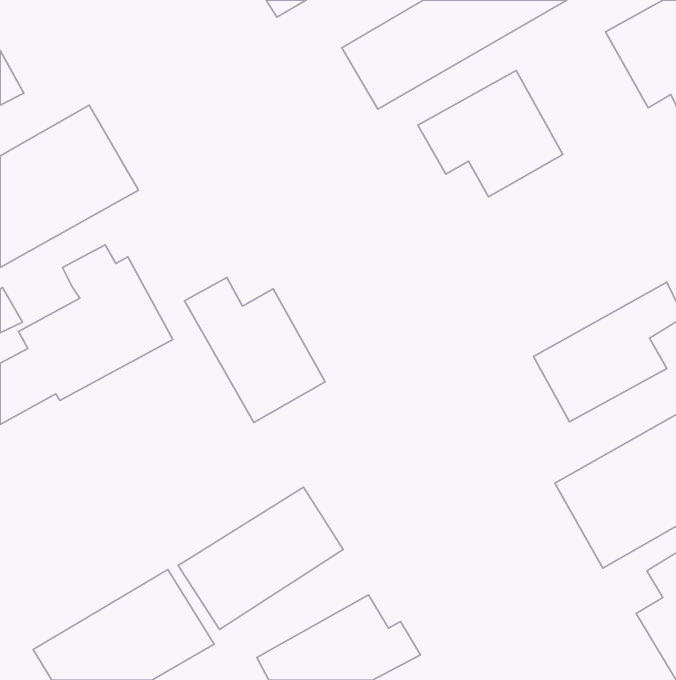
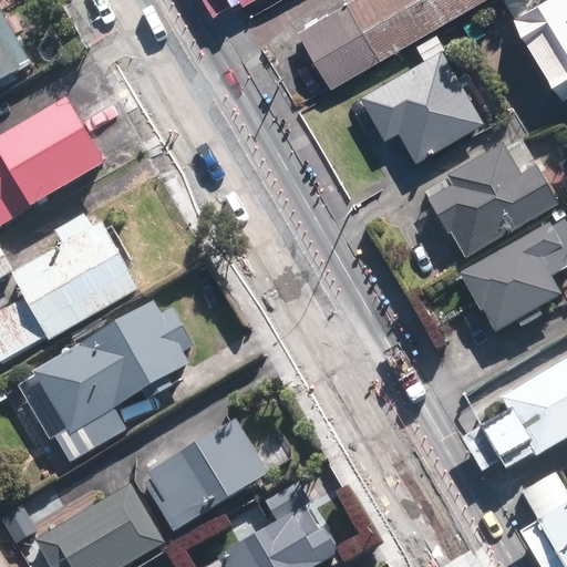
building: none -> [406,153,551,274]
building: [185,278,325,422] -> none
building: none -> [20,301,178,470]

